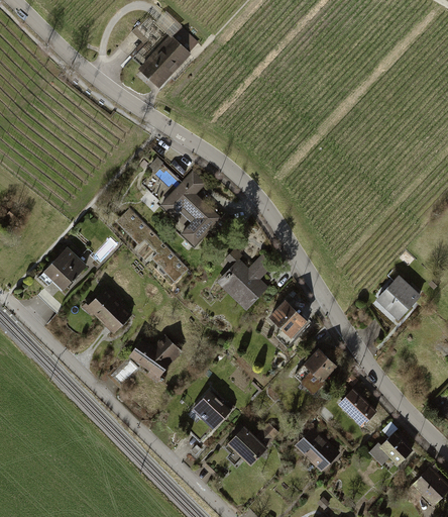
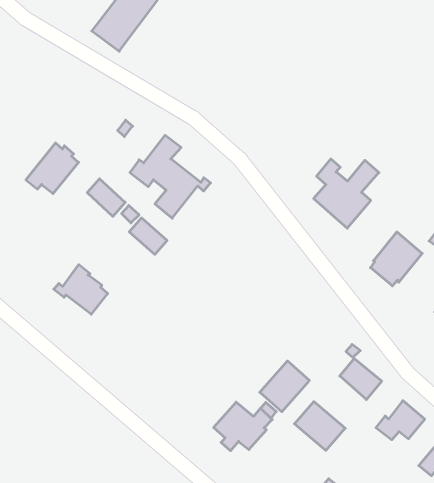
building: [37,245,87,292] -> [26,143,79,194]
building: [217,247,278,312] -> [314,159,379,228]
building: [269,300,308,338] -> none
building: [128,334,183,382] -> none
building: [293,347,339,394] -> [260,361,309,412]
building: [187,389,232,429] -> none

